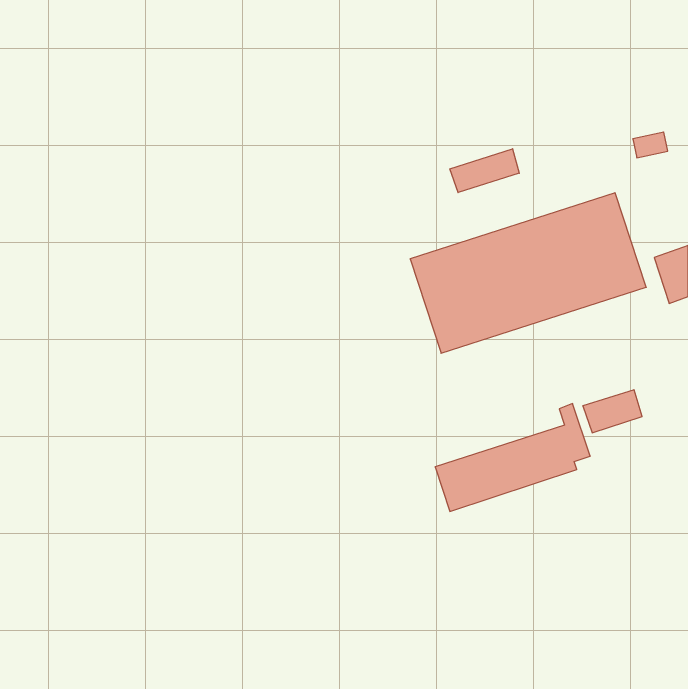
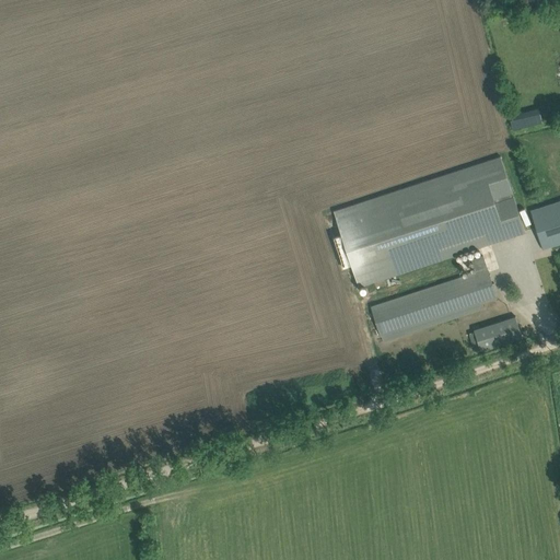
building: [450,149,519,193] -> none
building: [435,404,590,511] -> [370,255,495,342]

